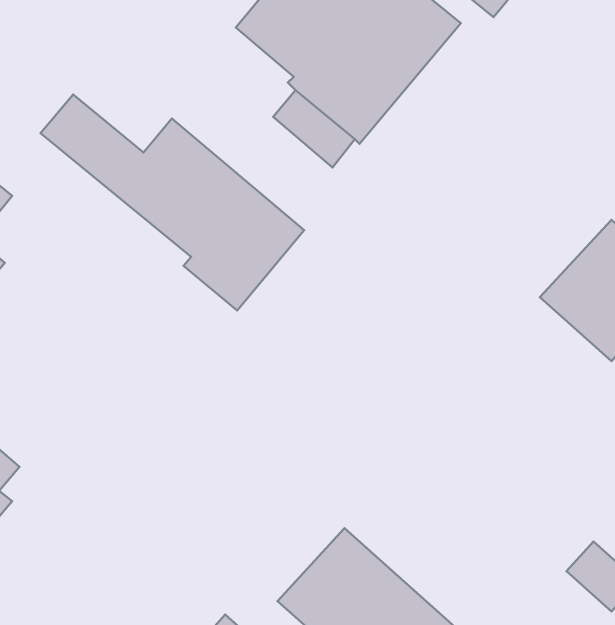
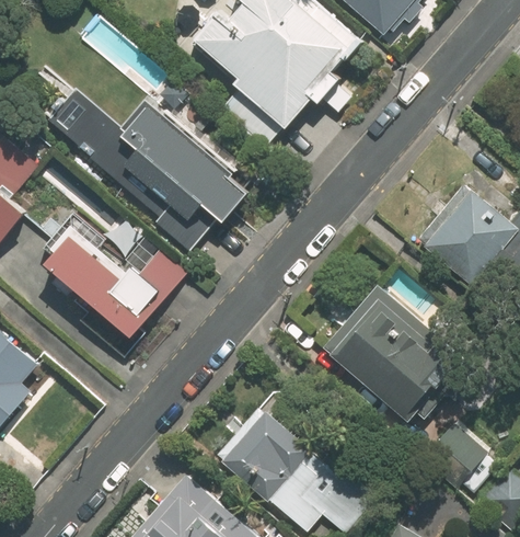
building: none -> [42,233,186,340]
building: none -> [324,285,461,419]

